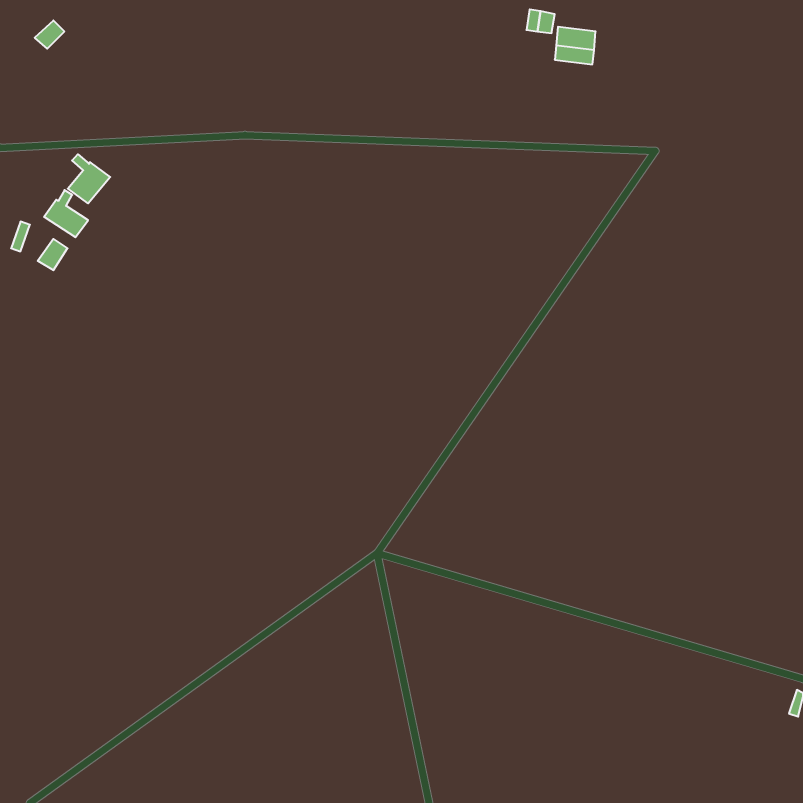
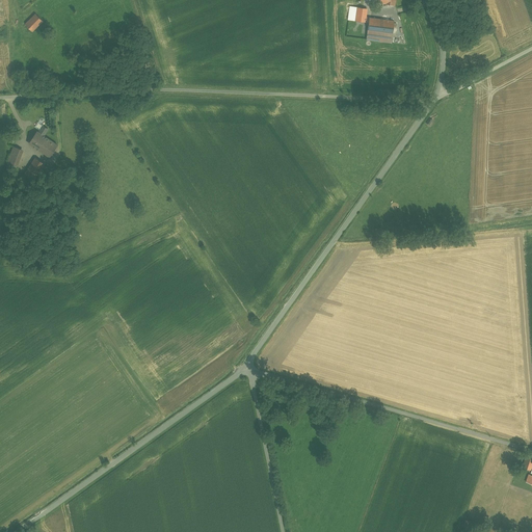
building: [68,154,110,203] -> none

